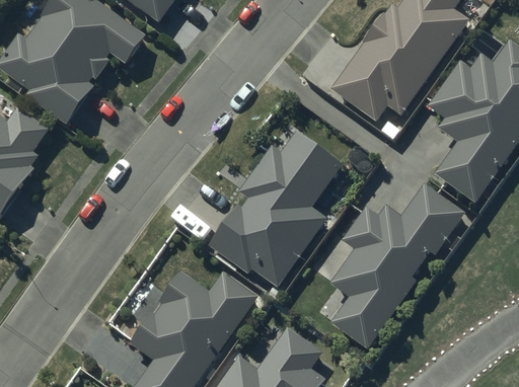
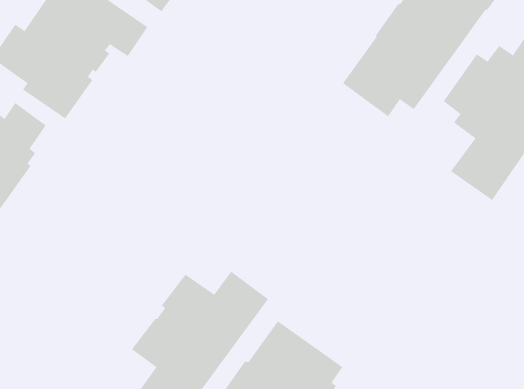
building: [208,129,343,287] -> none
building: [328,184,465,350] -> none

